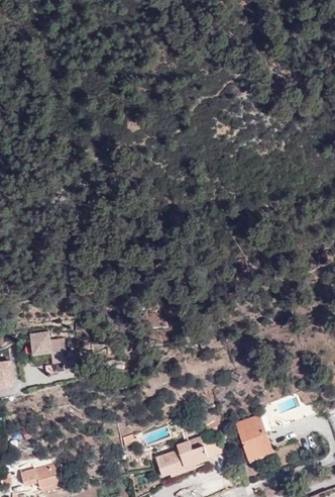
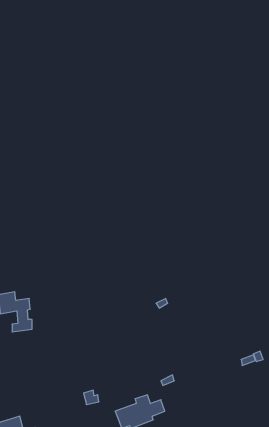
building: [235,413,273,462] -> none

